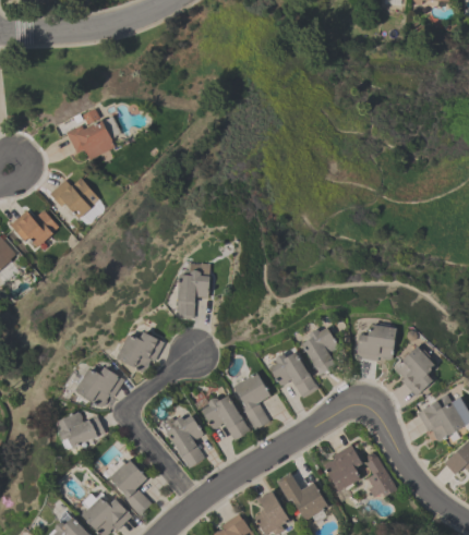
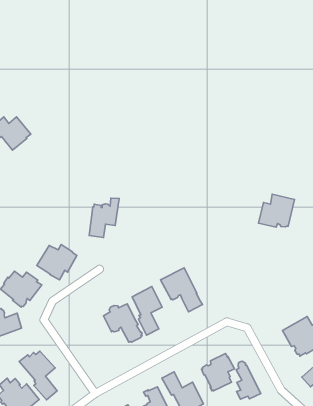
building: [65,110,120,160] -> none
building: [356,320,397,360] -> [258,194,295,227]
building: [301,325,339,375] -> none
building: [394,344,435,396] -> none
building: [161,414,204,467] -> none

